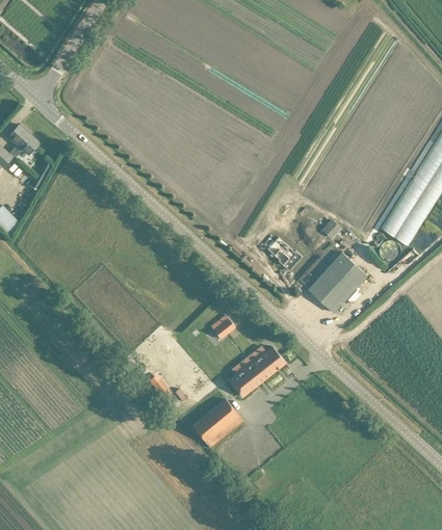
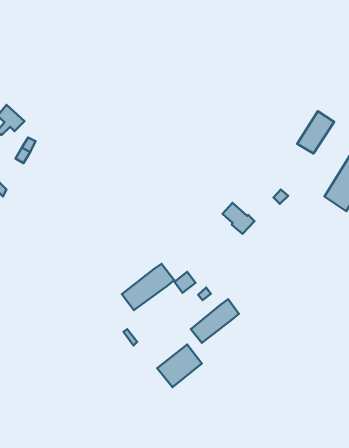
building: none -> [297,111,334,154]
building: [308,251,367,312] -> none
building: none -> [122,264,174,310]

